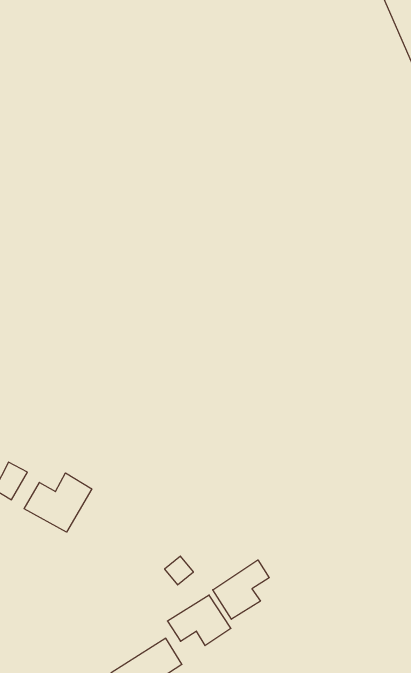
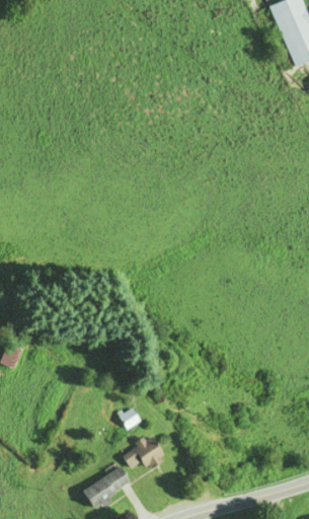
building: [24,473,92,532] -> none
building: [213,560,269,619] -> none

